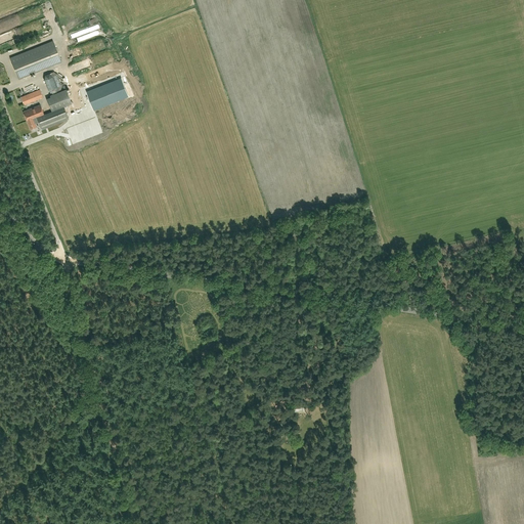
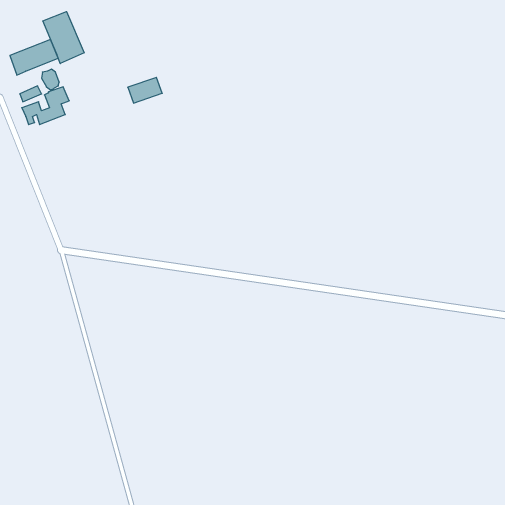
building: none -> [43,12,84,64]
building: [88,81,124,107] -> [128,77,162,103]

